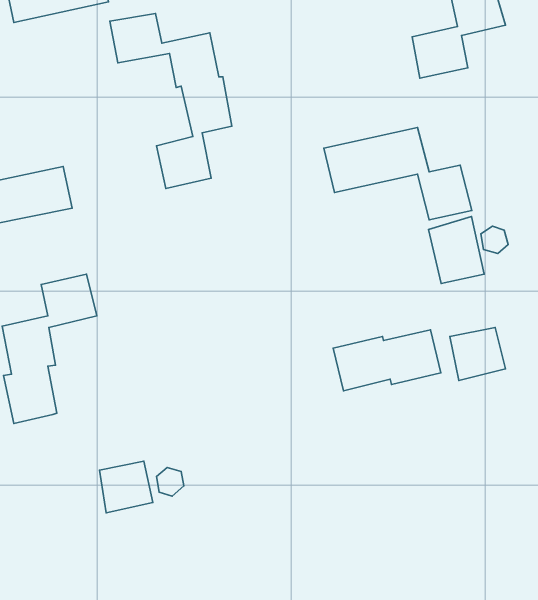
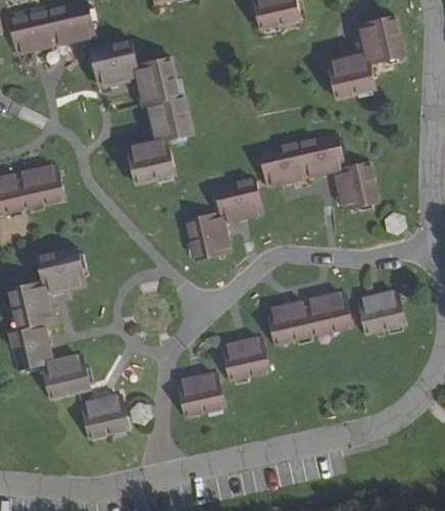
building: none -> [188,181,259,258]
building: [429,217,484,284] -> none
building: none -> [225,337,268,378]
building: none -> [45,356,90,398]
building: none -> [179,373,222,414]

